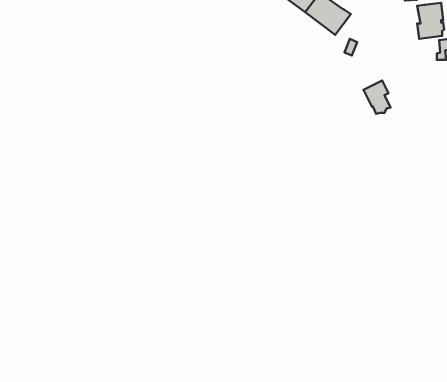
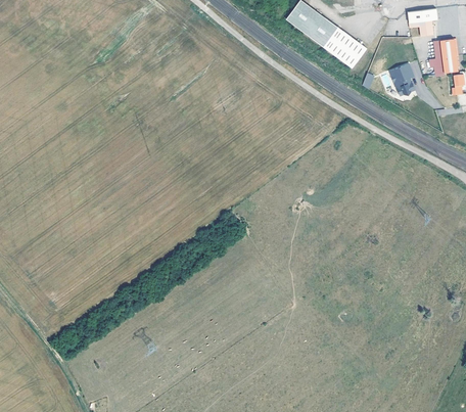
building: [364,81,391,114] -> [388,64,415,97]

